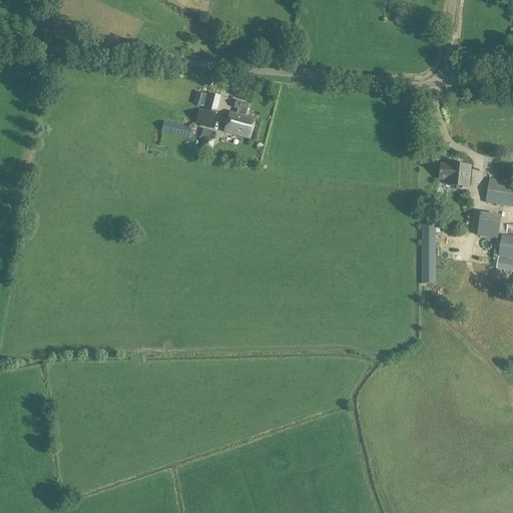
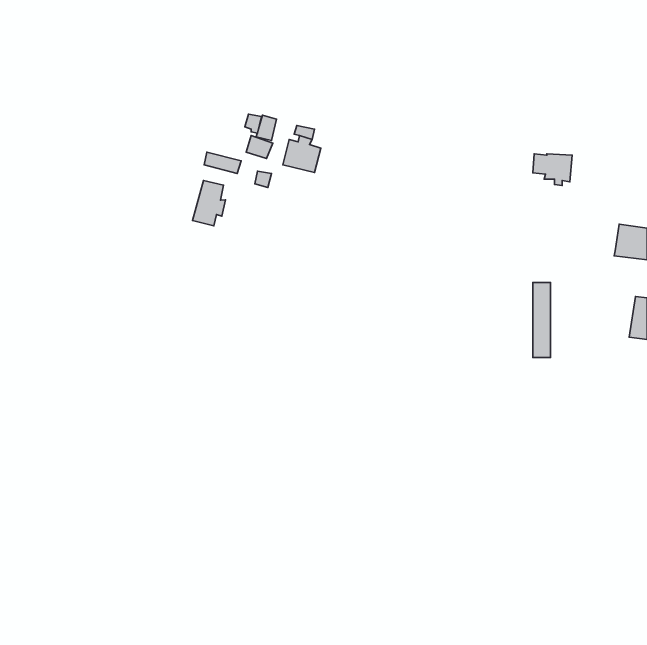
building: none -> [193,180,225,226]
building: [439,163,470,188] -> [533,154,572,186]
building: [477,210,501,237] -> none

